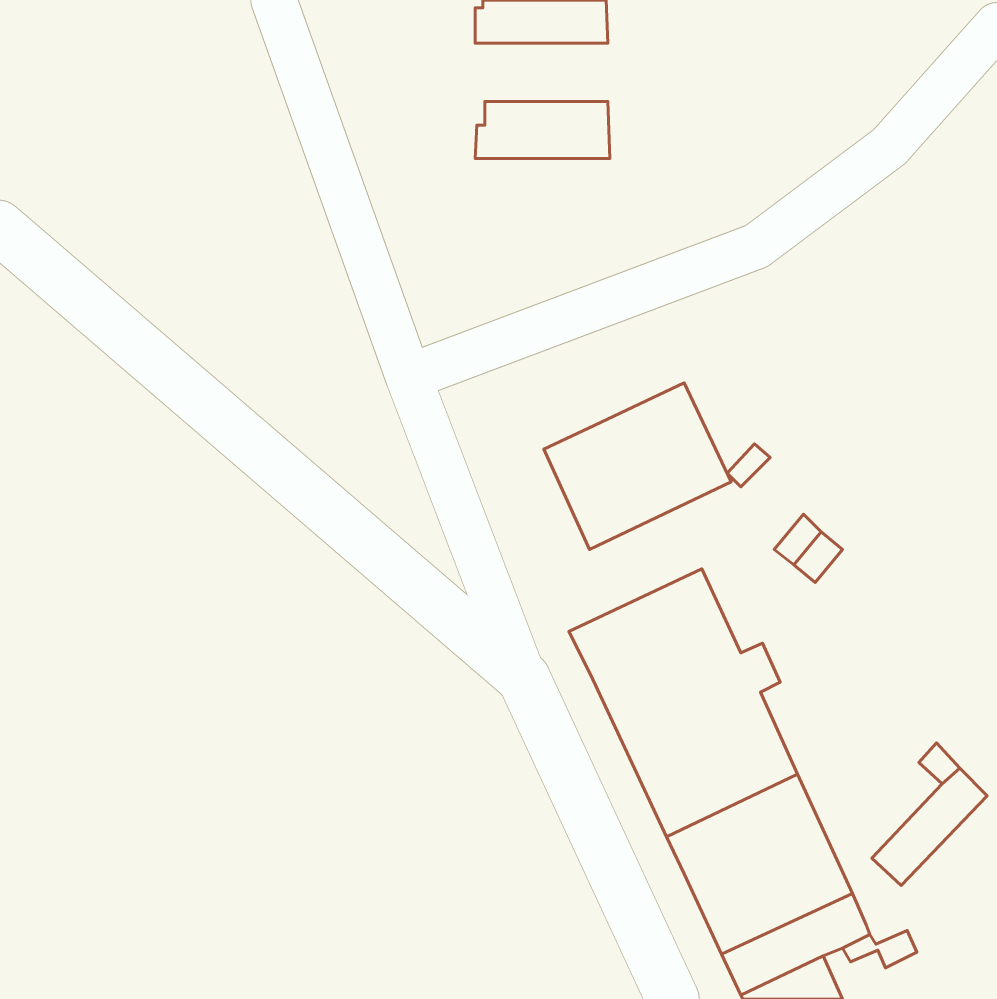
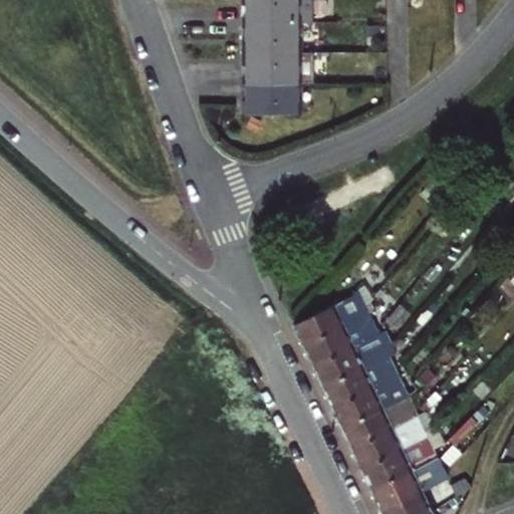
building: none -> [244,22,299,52]
building: none -> [244,81,299,113]
building: [544,383,731,550] -> none

